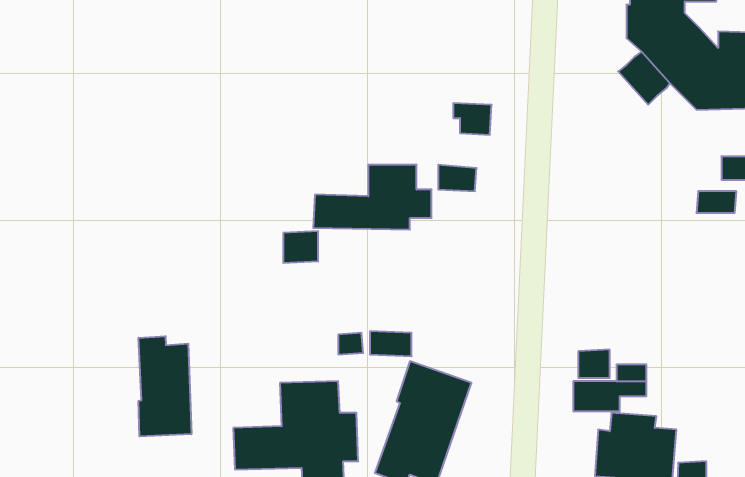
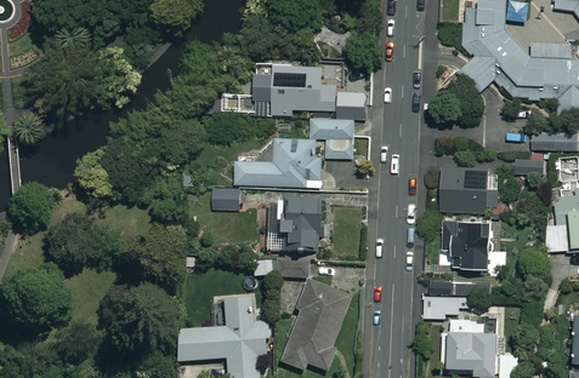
building: none -> [262,63,334,114]
building: none -> [310,116,353,137]
building: none -> [441,166,488,211]
building: none -> [277,197,325,251]
building: none -> [442,218,490,268]
building: [139,336,191,436] -> none

